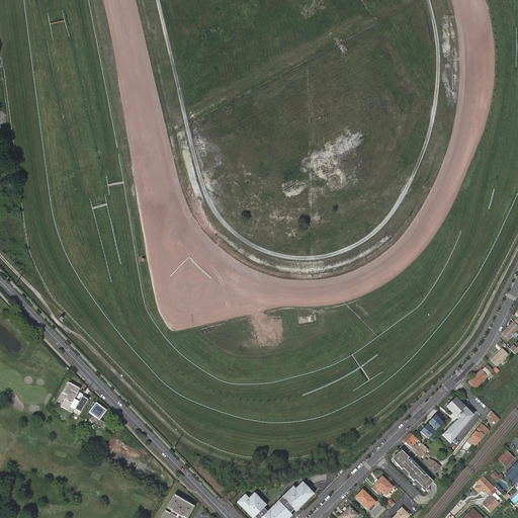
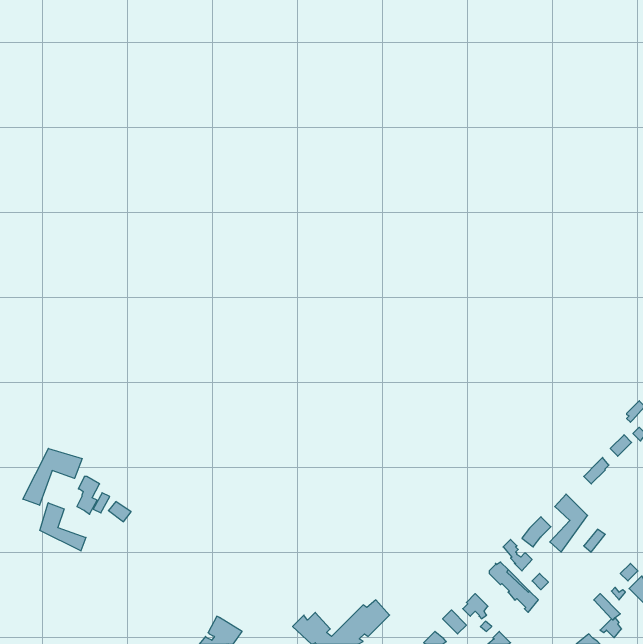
building: none -> [23,448,82,505]
building: none -> [40,503,86,551]

